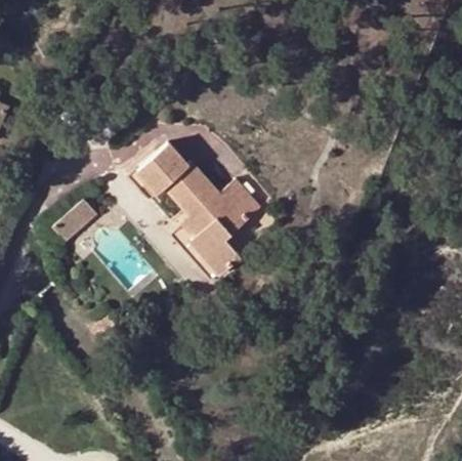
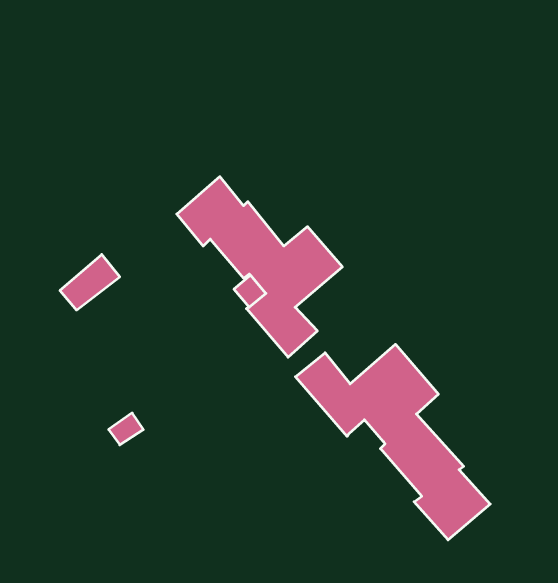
building: none -> [295,344,490,540]

